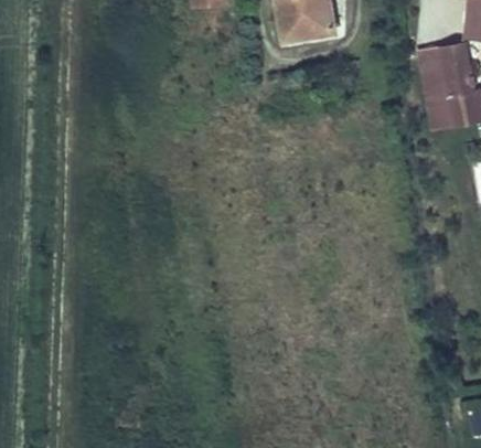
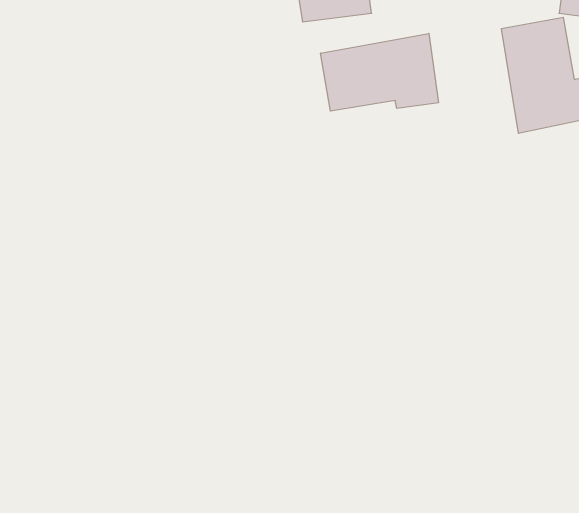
building: none -> [321,33,438,111]

